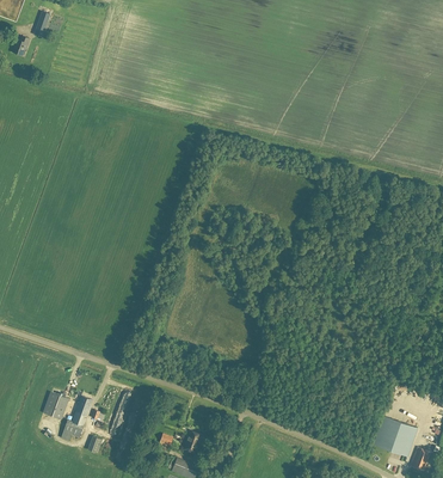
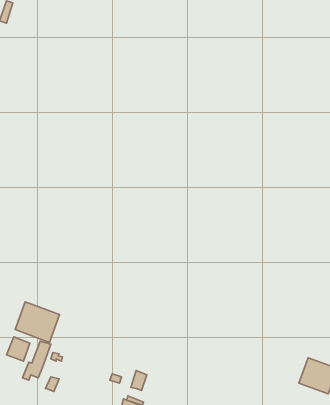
building: none -> [15,302,59,342]

